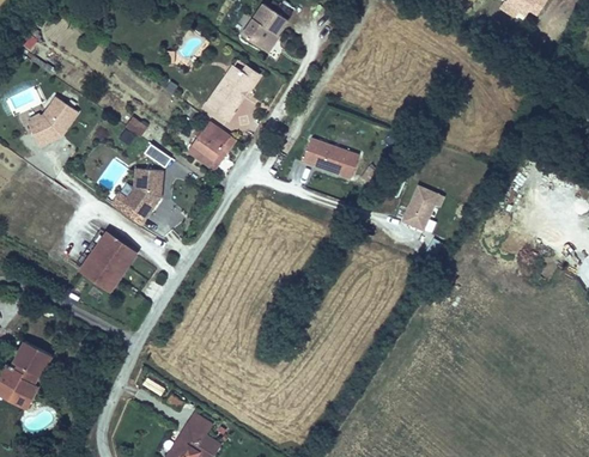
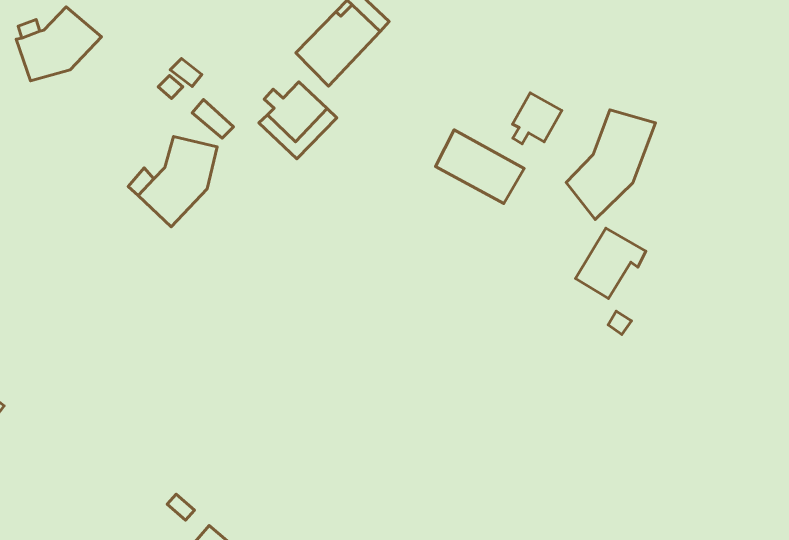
building: none -> [513,93,562,144]
building: none -> [566,110,655,220]
building: [77,232,138,295] -> none

